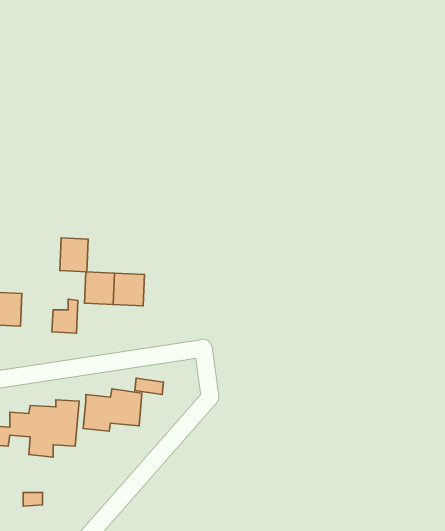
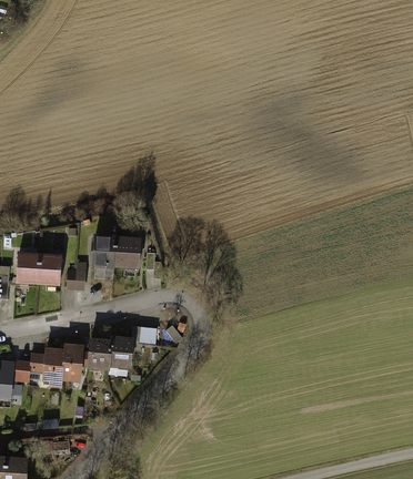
building: [60,238,88,272] -> [38,256,61,284]

